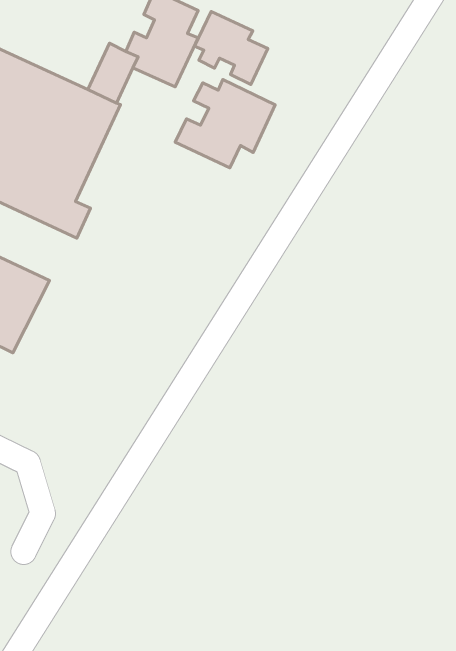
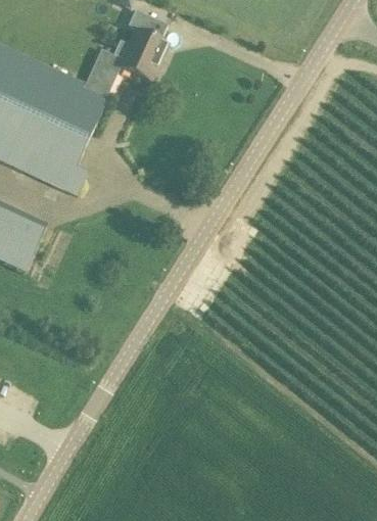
building: [194,12,268,85] -> none
building: [175,79,275,168] -> none

